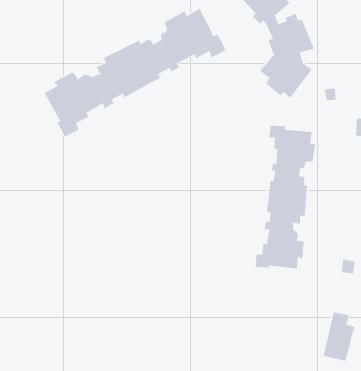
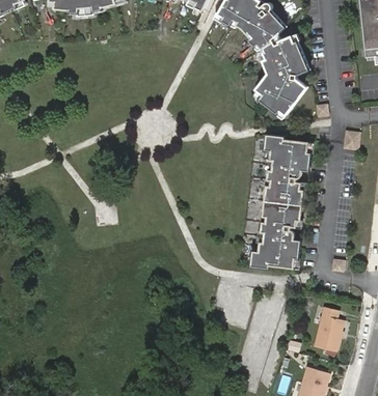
building: [44,8,226,137] -> none

